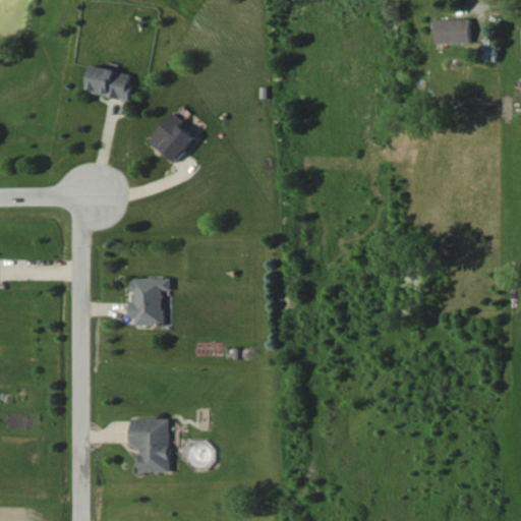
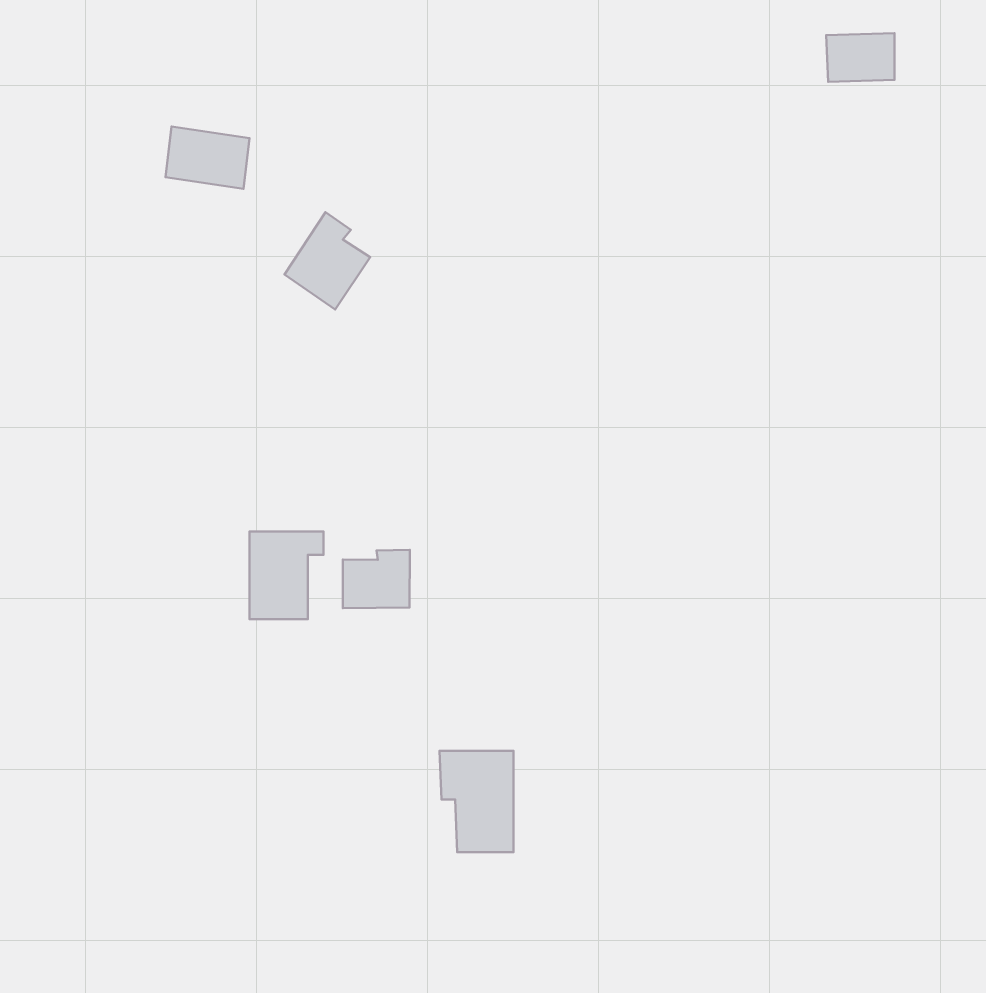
building: none -> [343,550,410,608]
building: [128,419,167,472] -> [439,751,514,852]

